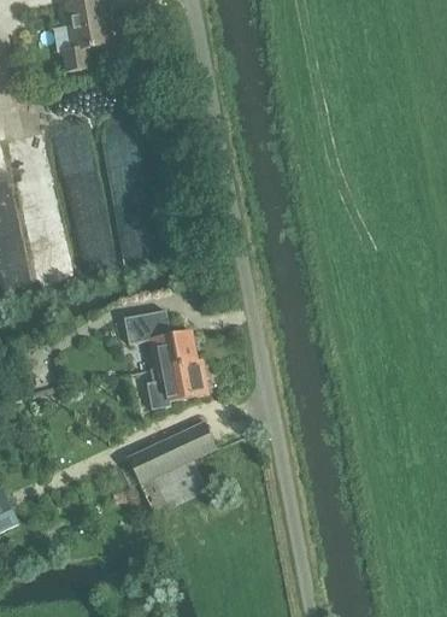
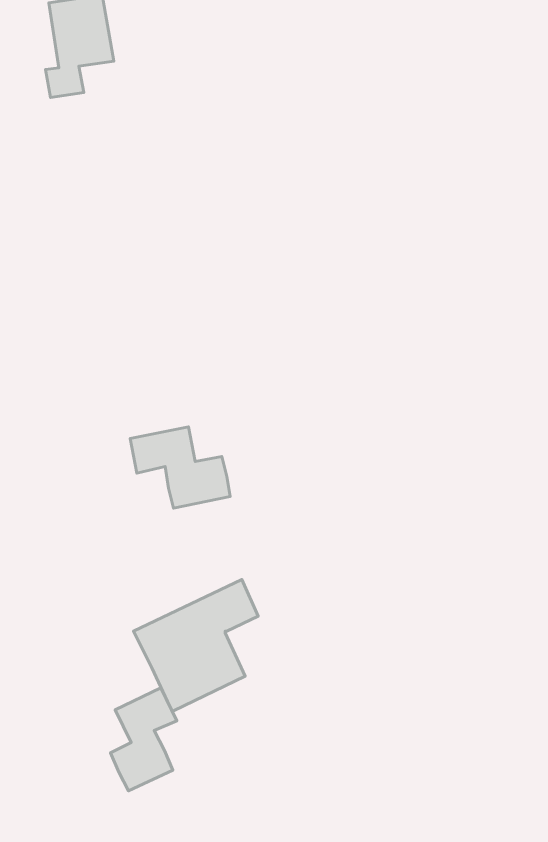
building: [146,359,207,409] -> none
building: none -> [111,688,177,791]

